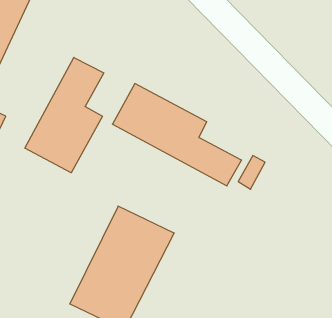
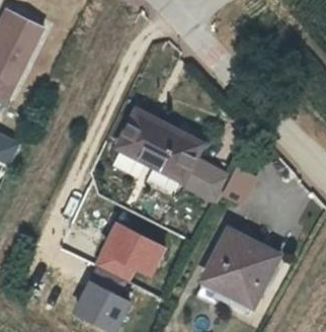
building: [25,57,104,173] -> none
building: none -> [205,229,277,307]

